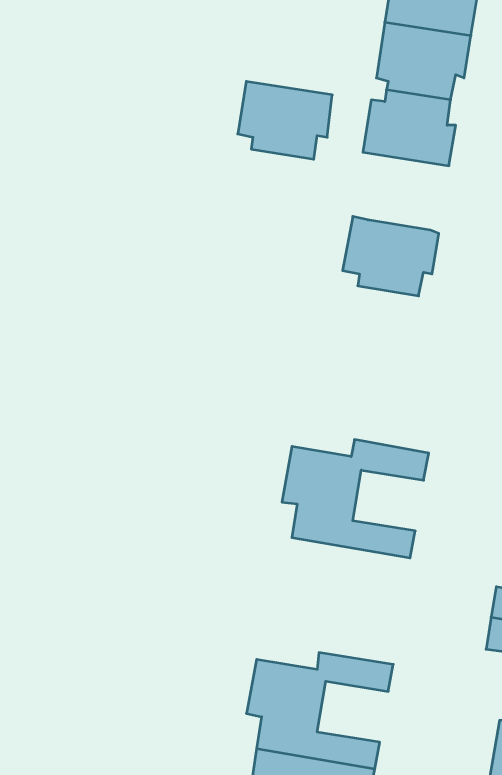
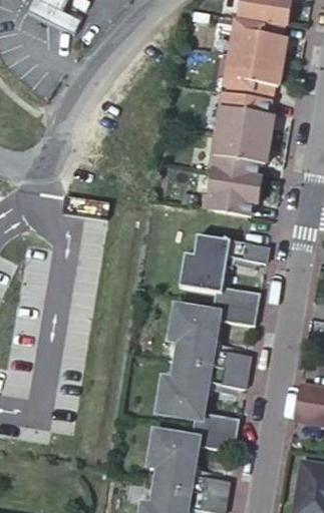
building: [238,81,332,159] -> [213,131,269,177]
building: none -> [179,234,267,310]
building: none -> [157,360,246,435]

